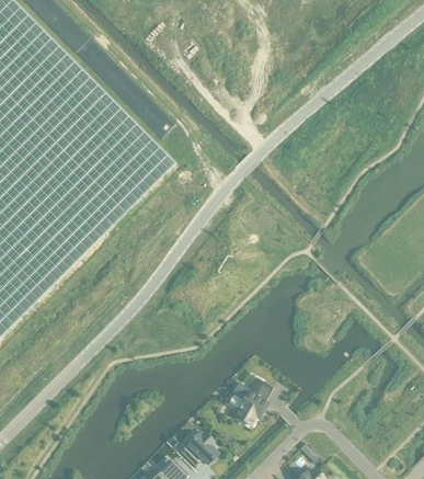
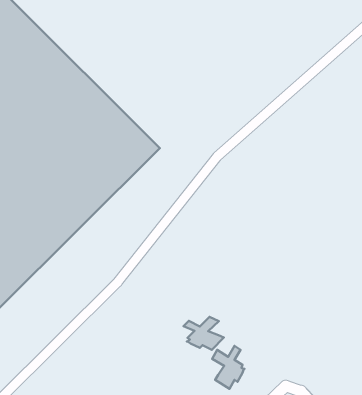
building: none -> [184,317,224,350]

